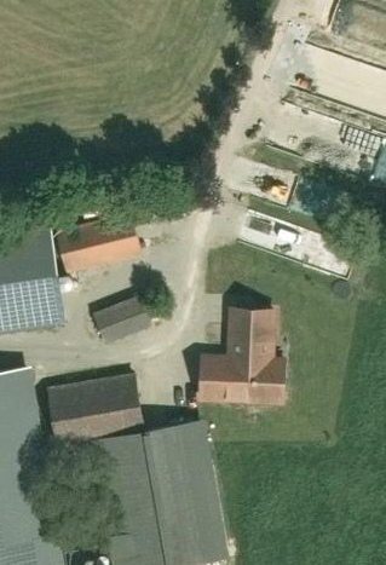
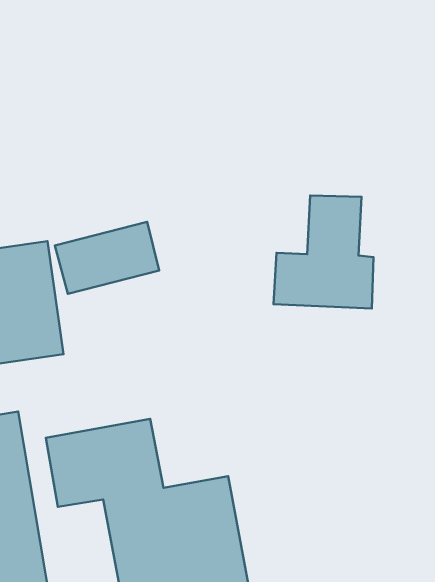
building: [93,298,149,342] -> none
building: [200,310,282,403] -> [273,195,373,308]

